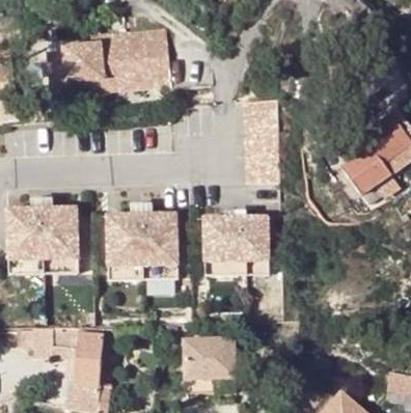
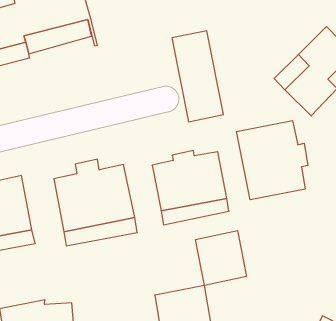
building: none -> [236,121,308,200]
building: none -> [196,231,246,286]

